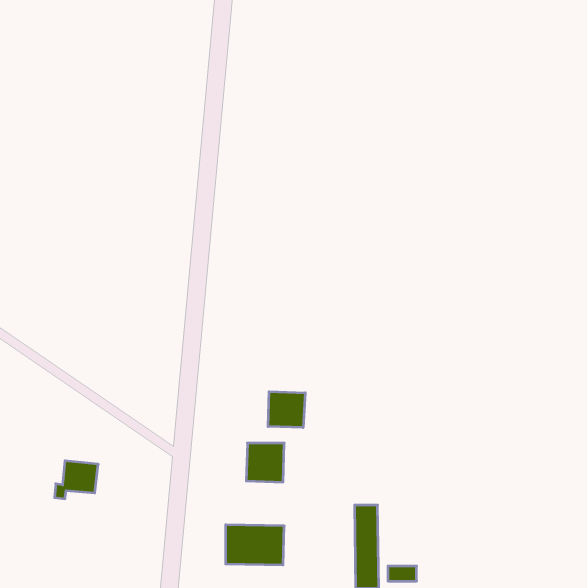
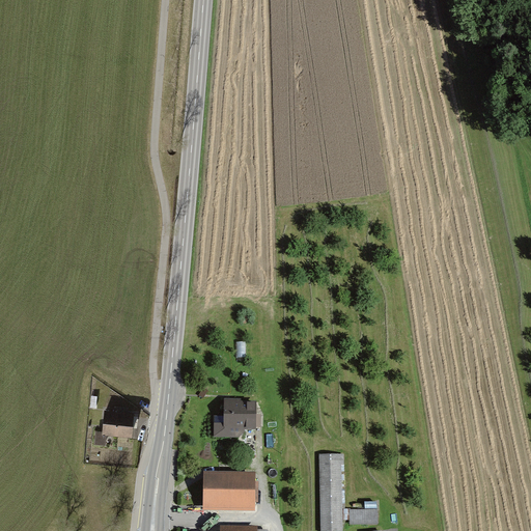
building: [268,392,305,428] -> none
building: [55,461,98,499] -> [94,411,134,445]

